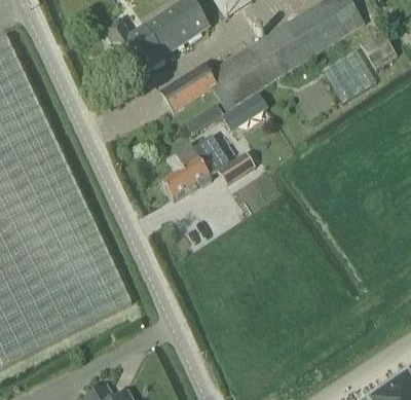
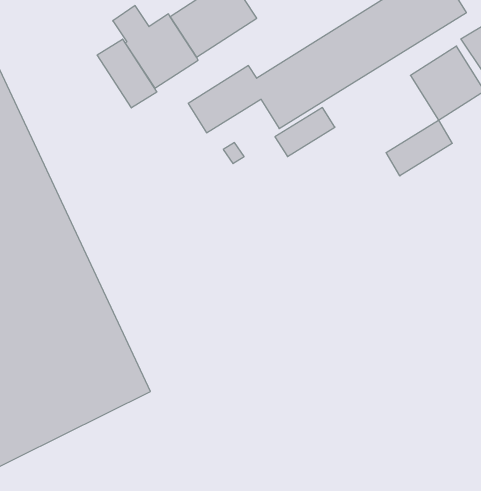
building: none -> [97,39,157,108]
building: none -> [386,120,452,176]
building: [161,135,253,198] -> none

